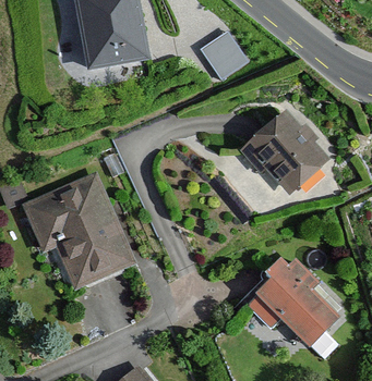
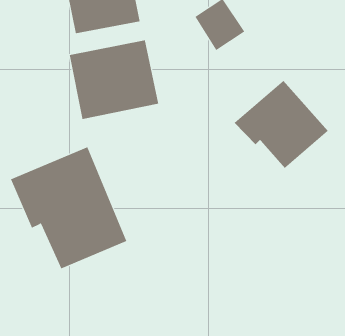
building: none -> [69,39,159,120]
building: [249,258,338,346] -> none

